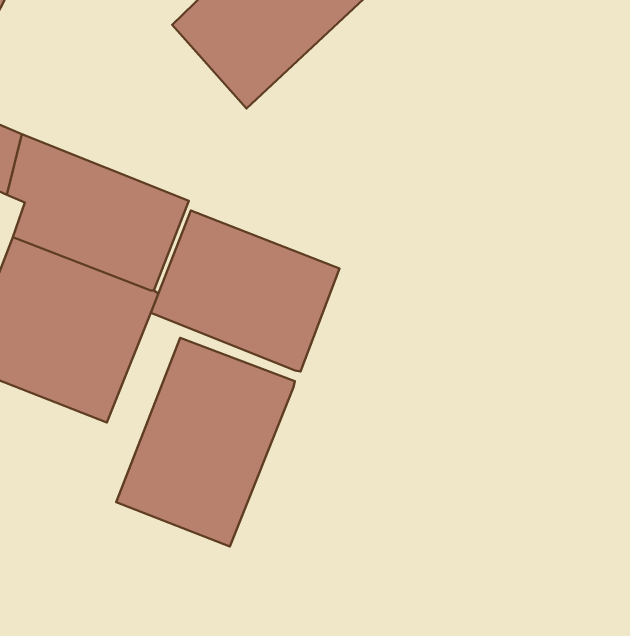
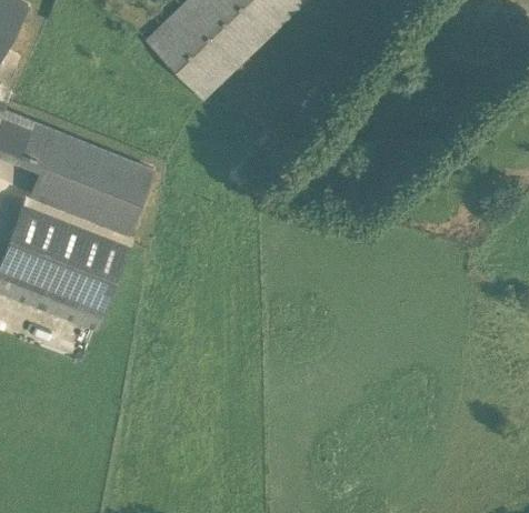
building: [151,211,339,372] -> none
building: [116,338,295,547] -> none

